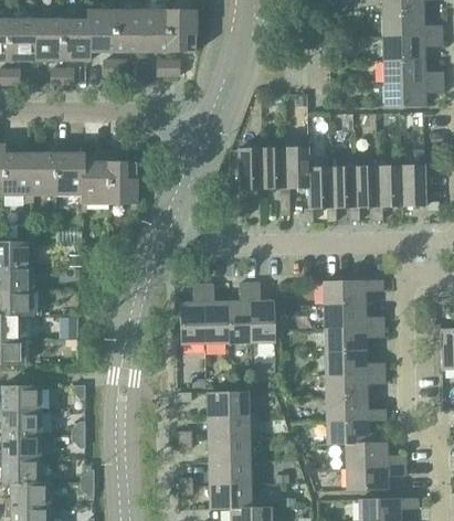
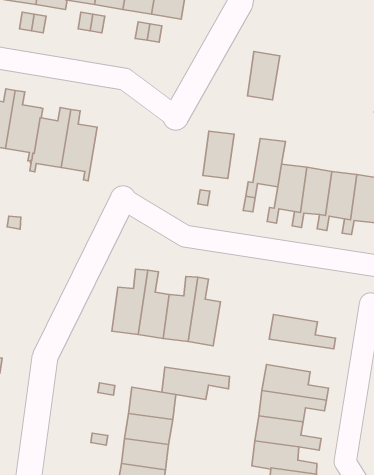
building: [262,147,286,188] -> [248,52,280,100]
building: [324,279,384,304] -> none
building: [325,326,386,350] -> [162,367,229,400]

